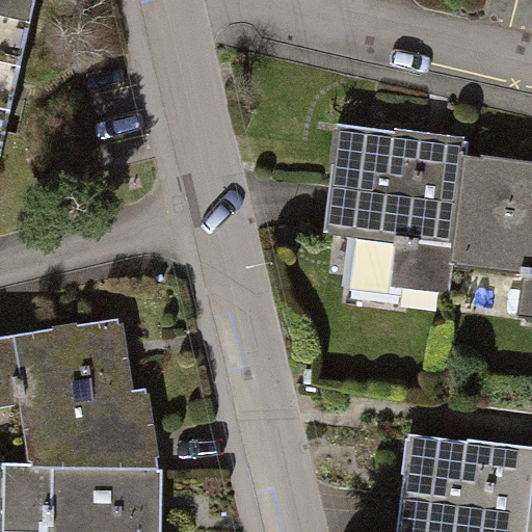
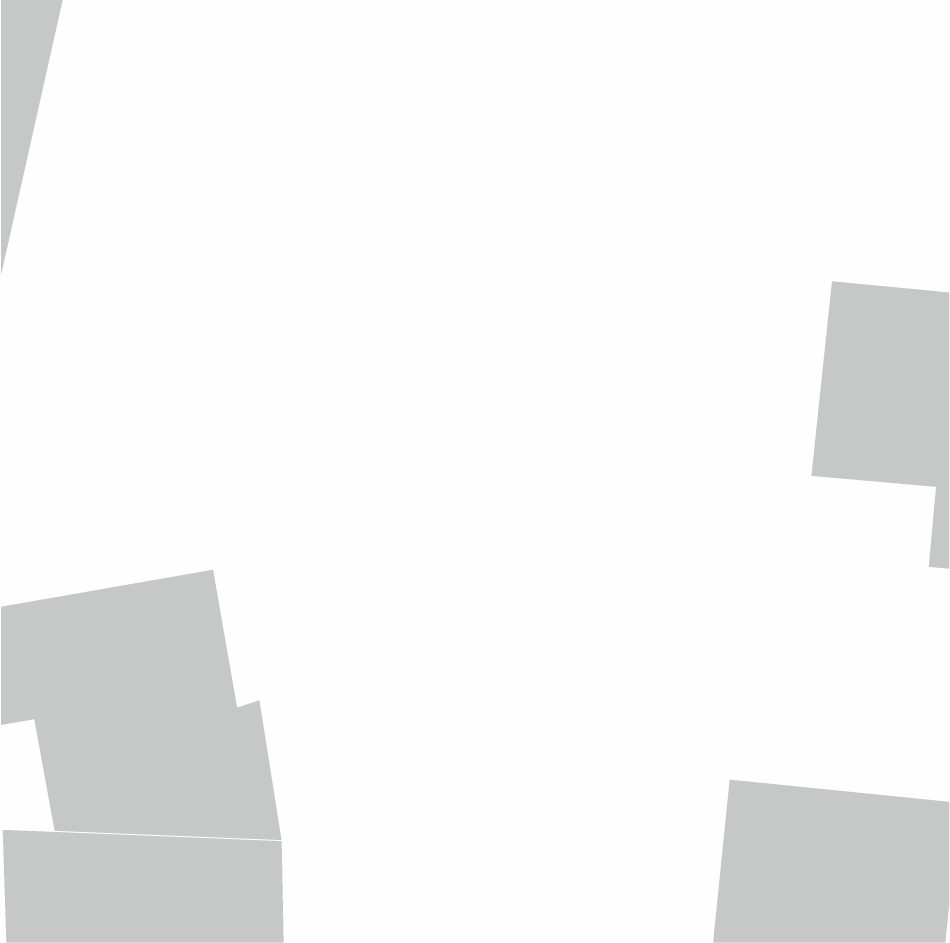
building: [324,125,467,295] -> none

